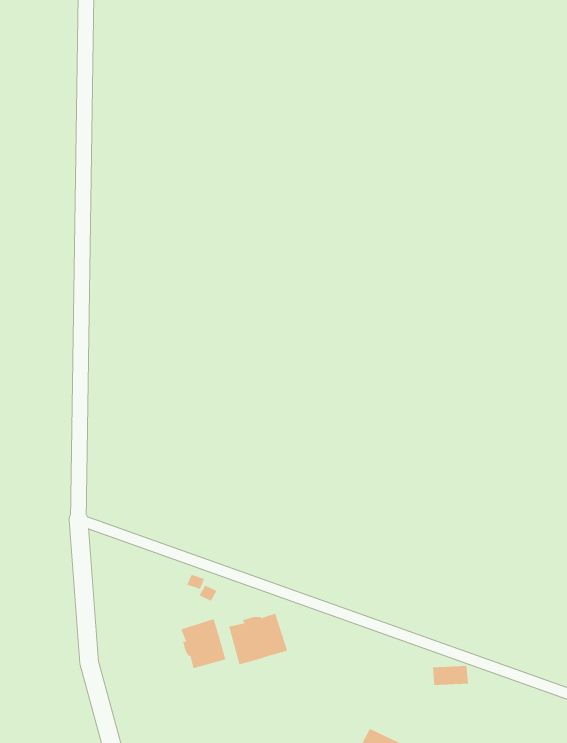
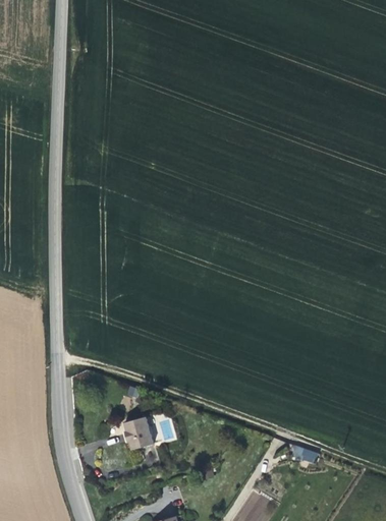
building: [229,613,288,665] -> none

